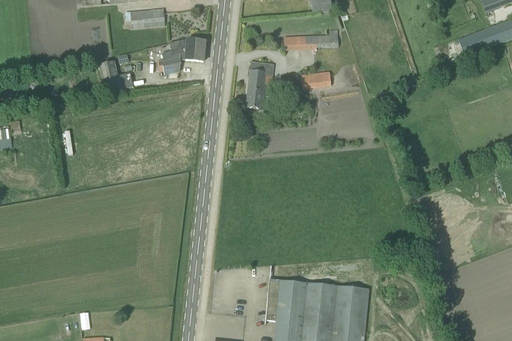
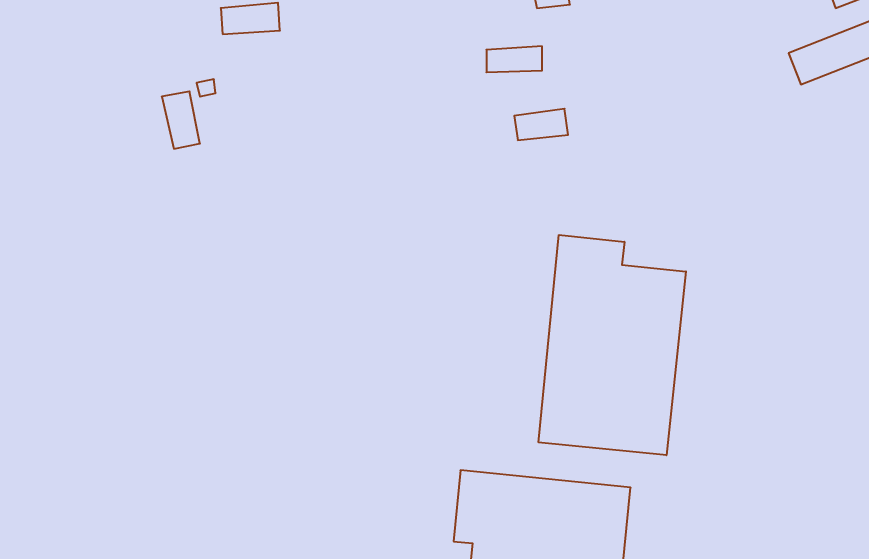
building: [161,38,206,74] -> none
building: [246,61,275,107] -> none
building: none -> [539,235,686,455]

